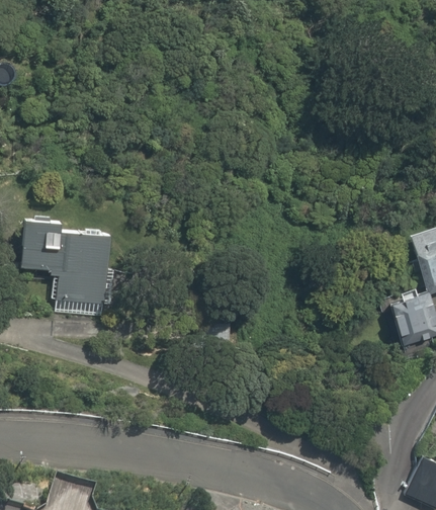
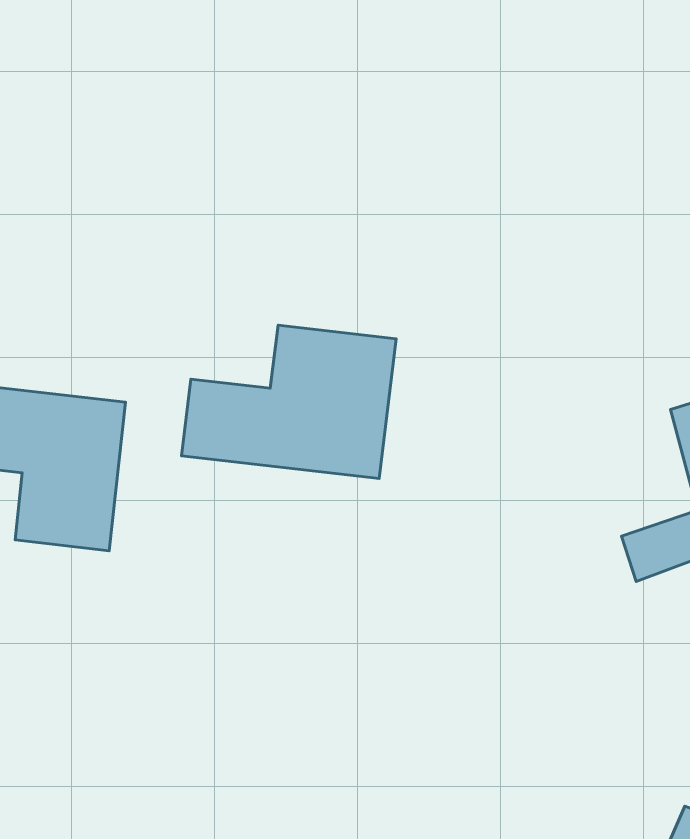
building: none -> [182,325,396,479]

